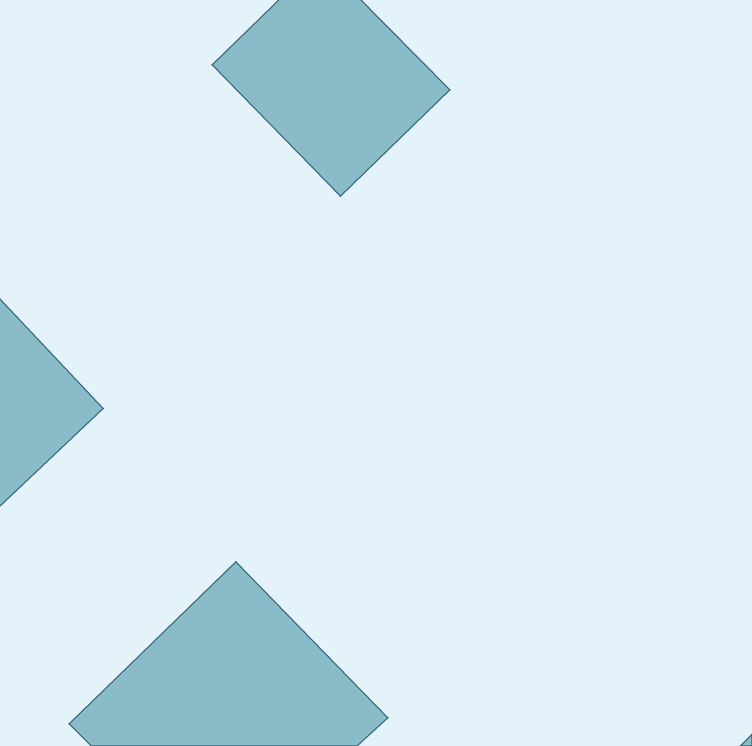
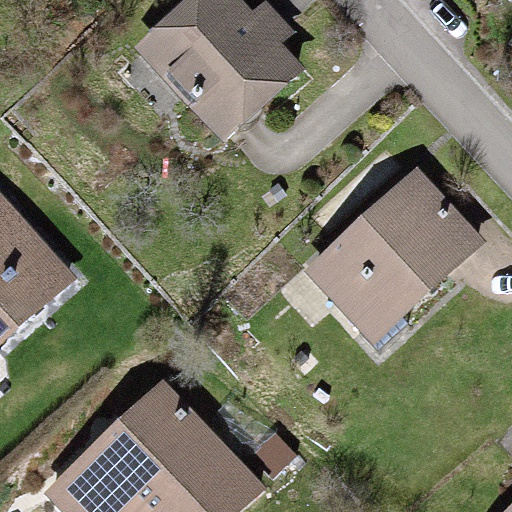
building: none -> [305,171,481,345]

